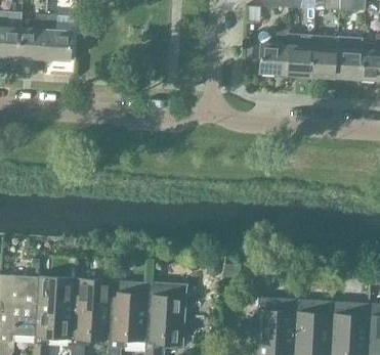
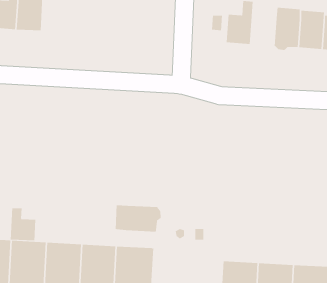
building: [287,34,314,79] -> none
building: none -> [115,205,161,233]
building: none -> [10,207,36,241]

